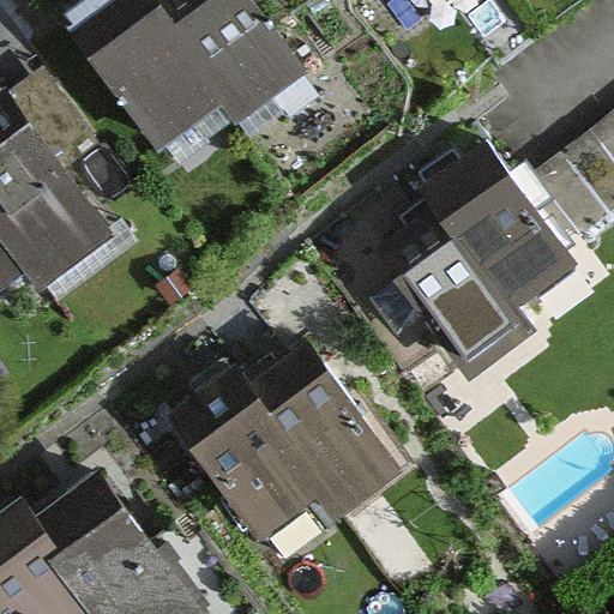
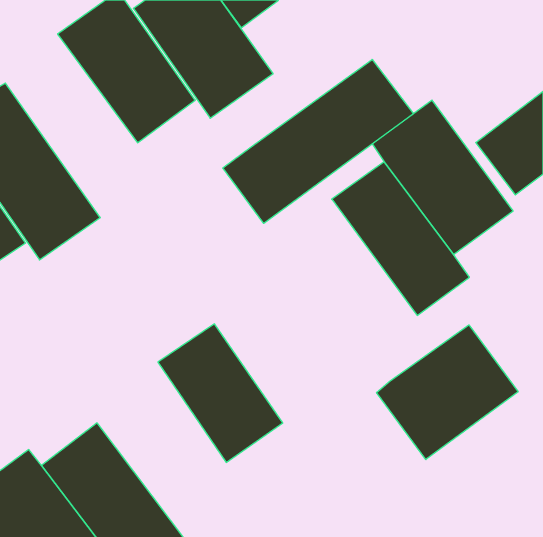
building: none -> [223,59,413,223]
building: [254,345,407,514] -> none
building: none -> [377,325,518,460]

